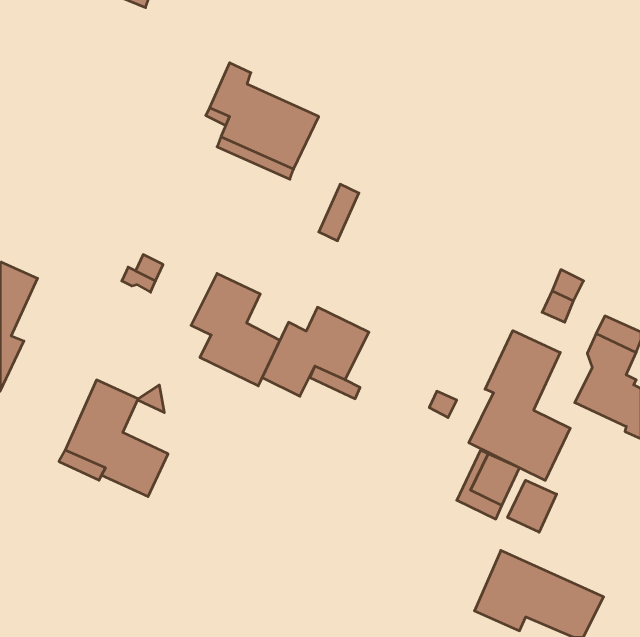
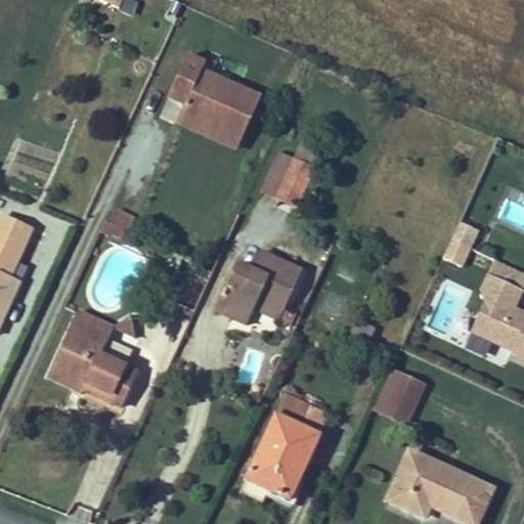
building: none -> [276,158,314,206]
building: [191,273,280,386] -> none
building: [469,331,570,480] -> none
building: none -> [246,392,330,498]
building: [508,480,557,532] -> none

